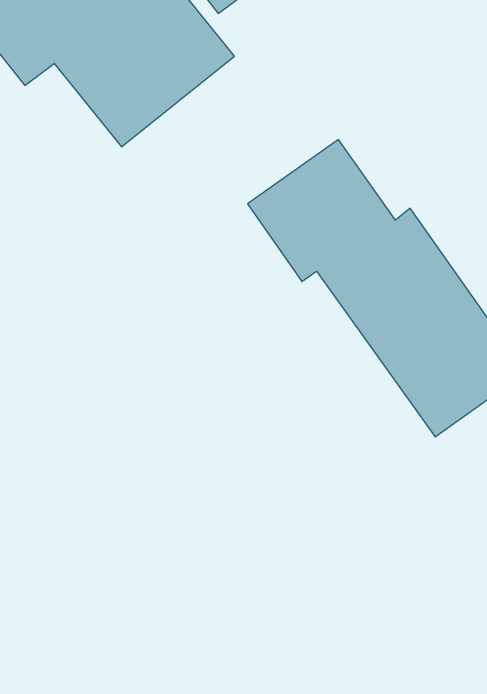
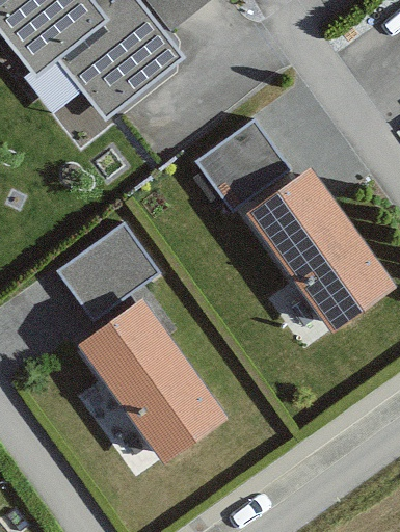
building: none -> [56,219,162,320]
building: none -> [74,299,224,461]

